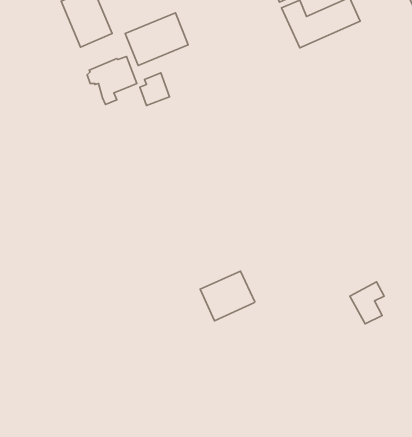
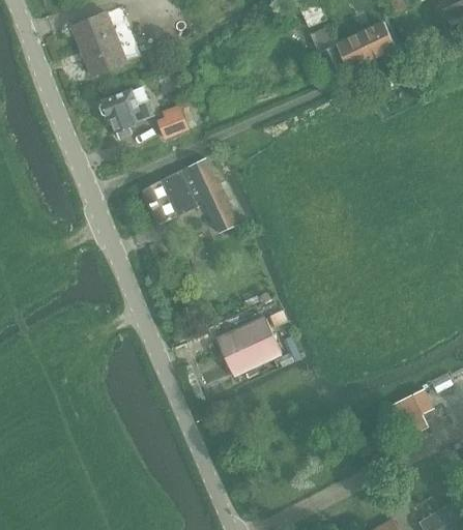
building: [125,13,188,65] -> none
building: none -> [141,157,237,233]
building: [350,282,384,324] -> [393,388,430,434]

